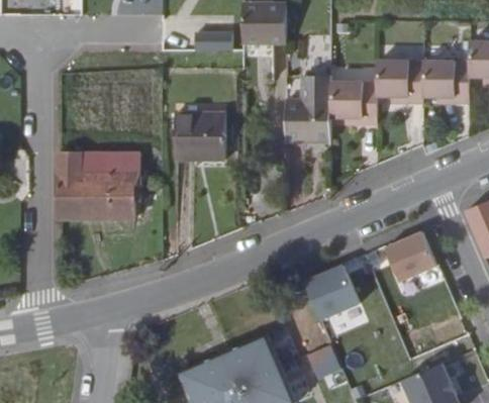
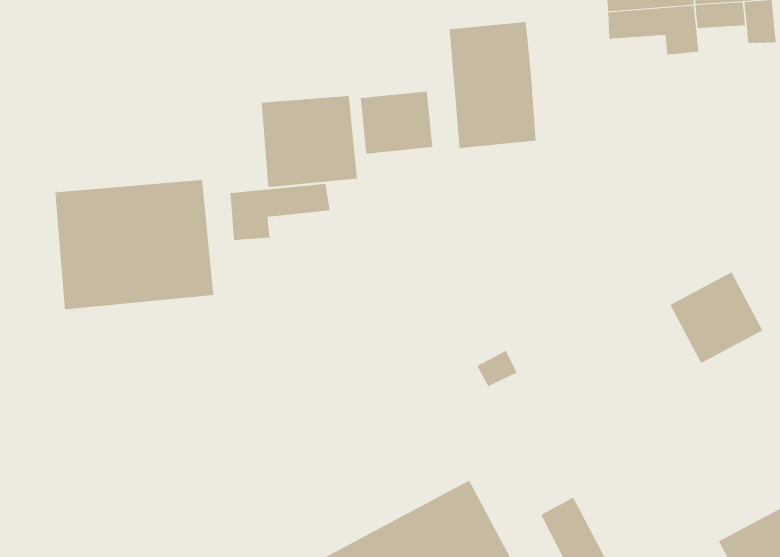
building: [325,80,371,123] -> none
building: none -> [360,91,433,154]
building: none -> [230,183,330,241]
building: [307,264,362,317] -> none

